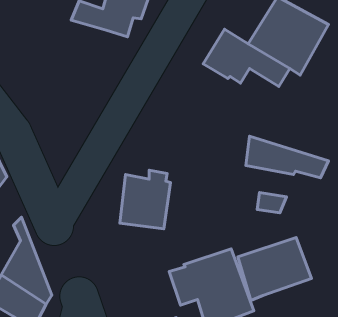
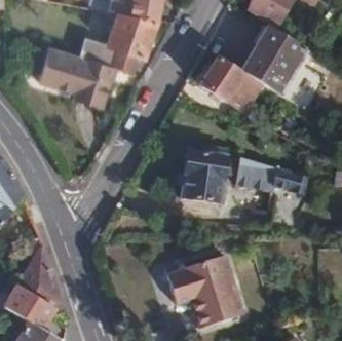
building: none -> [36,39,110,101]
building: [120,170,170,229] -> [179,149,225,202]
building: [238,238,311,300] -> none

